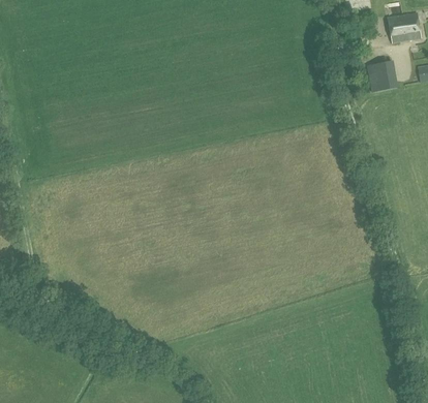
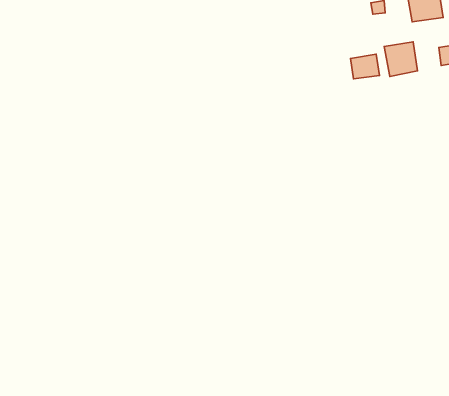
building: none -> [351,54,379,79]

